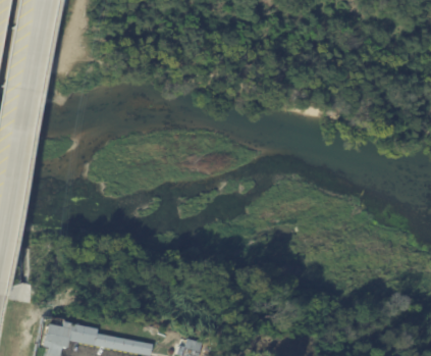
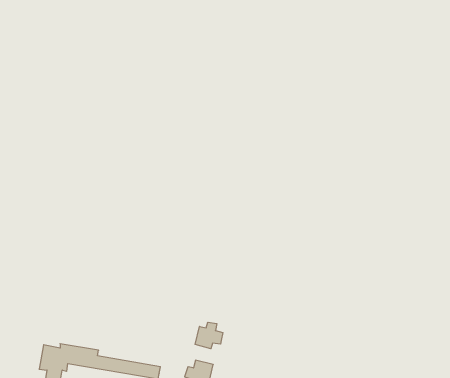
building: none -> [195,322,223,349]

